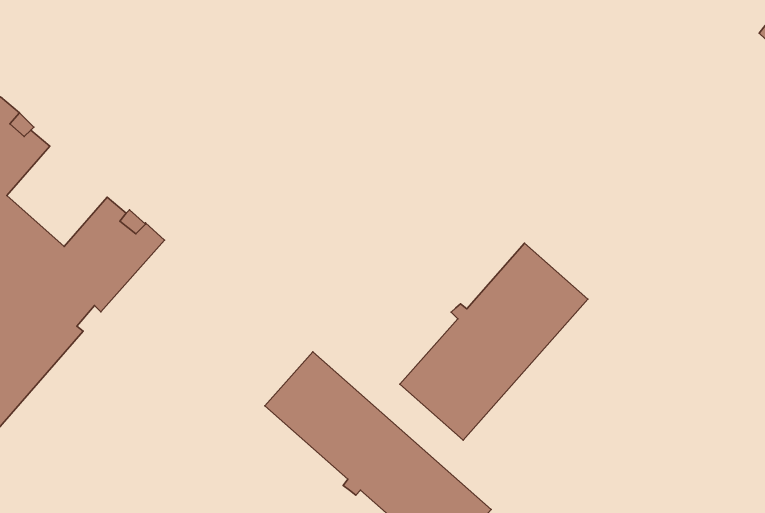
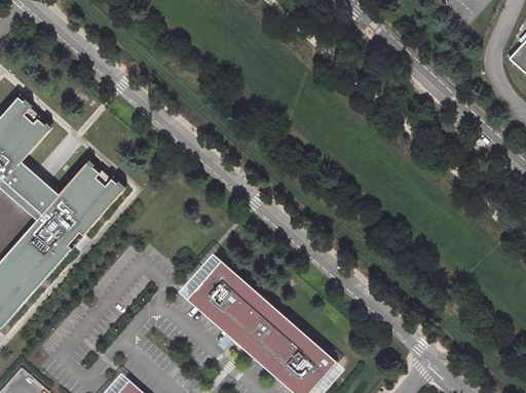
building: [400,243,588,440] -> none

